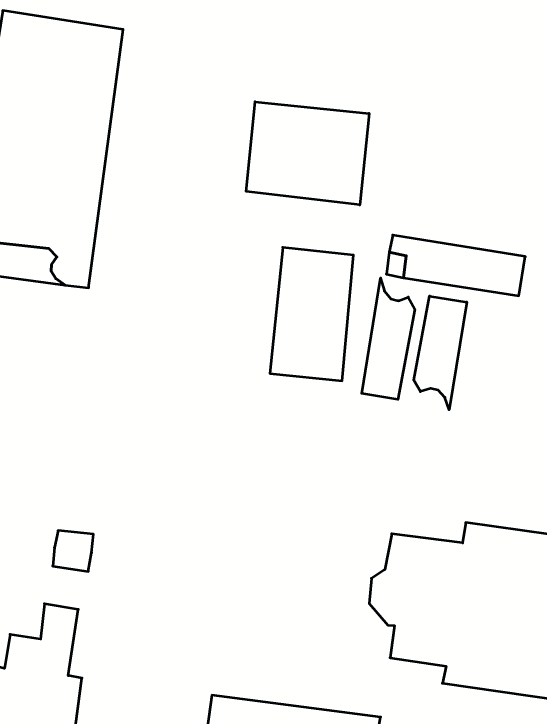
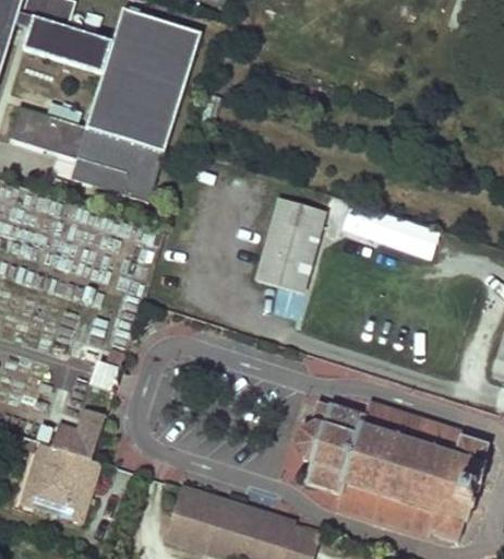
building: [246,102,369,205] -> none
building: [362,278,415,399] -> none
building: [414,296,467,410] -> none

